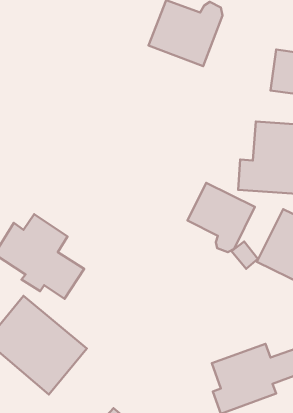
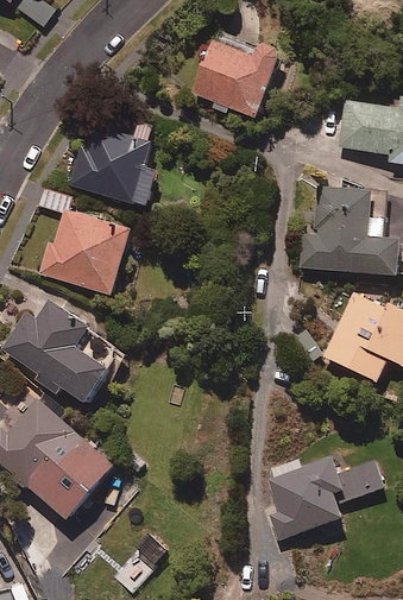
building: none -> [65,121,158,209]
building: none -> [38,210,128,293]
building: [188,183,255,252] -> none

